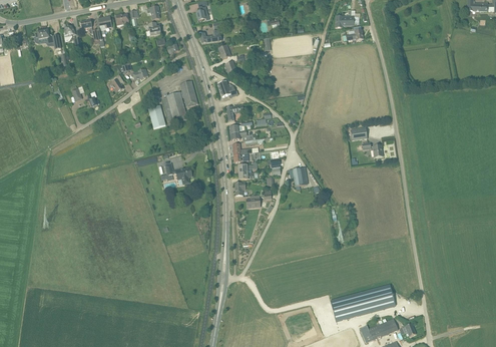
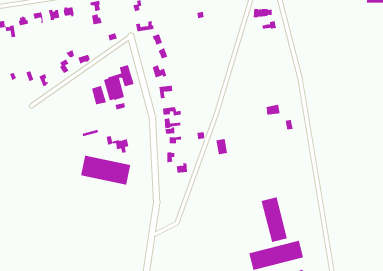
building: none -> [80,155,131,185]
building: none -> [261,196,288,243]

